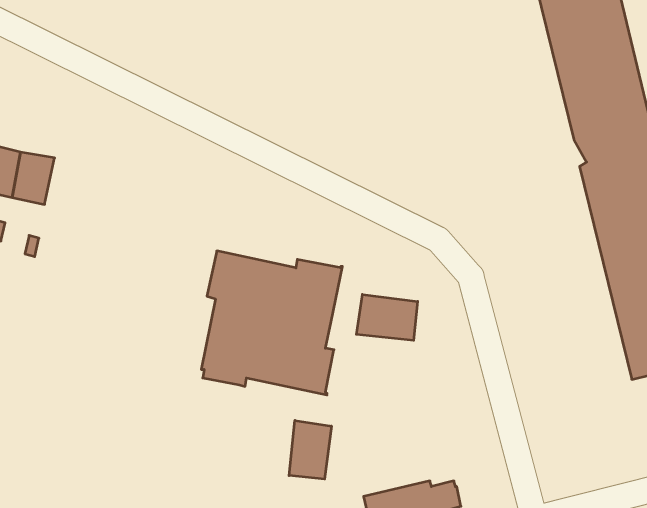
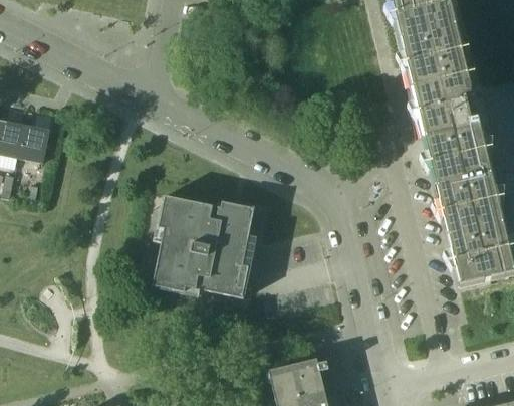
building: [356,294,418,340] -> none
building: [289,420,331,479] -> none

